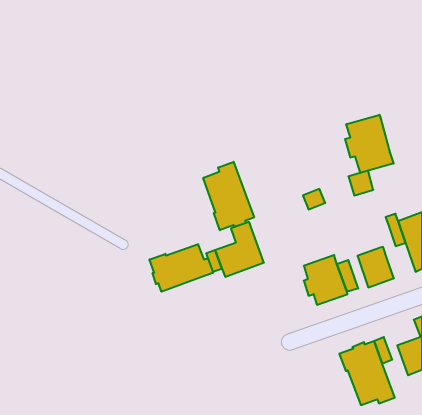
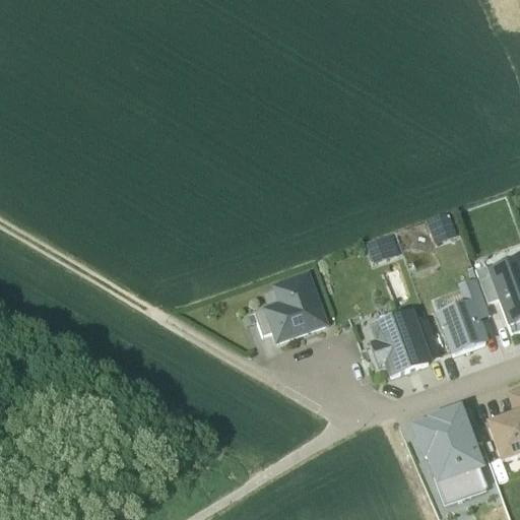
building: [345,115,394,173] -> none
building: [203,162,254,230] -> none
building: none -> [459,277,490,318]
building: [149,244,213,292] -> none

